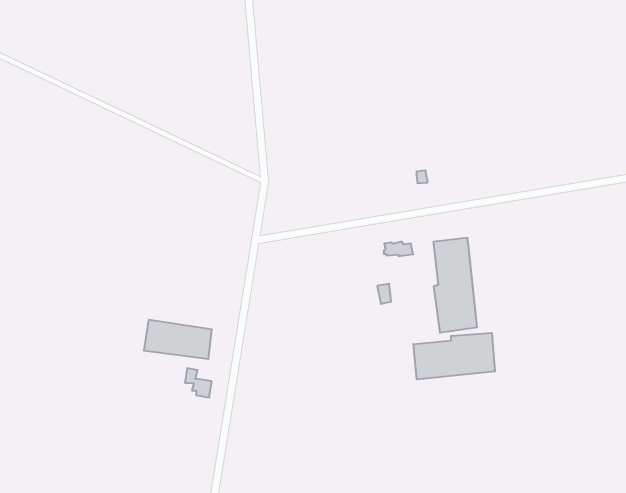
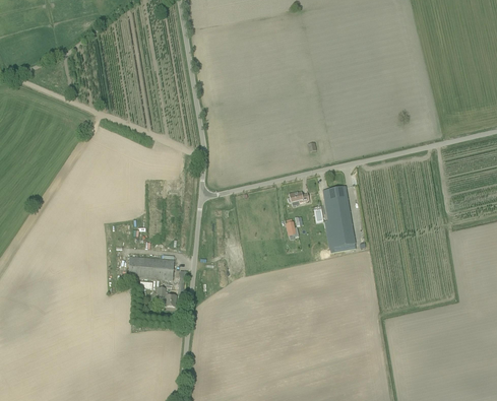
building: [413,333,495,379] -> none

